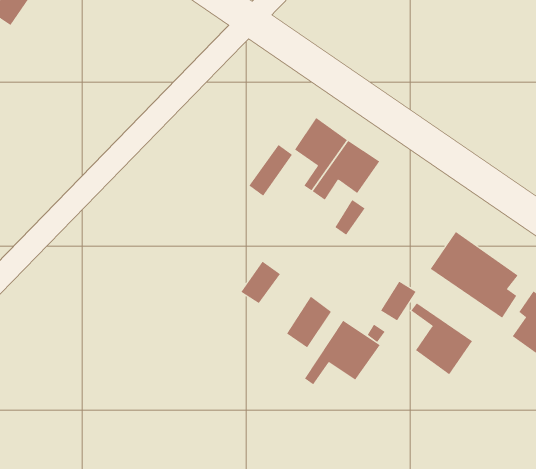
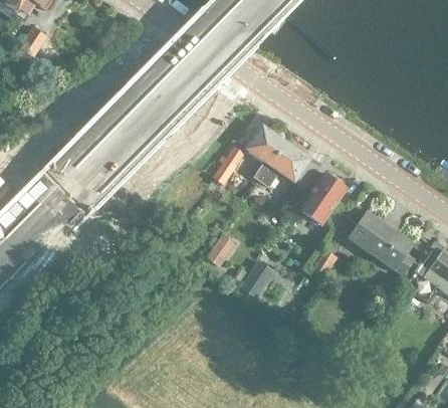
building: none -> [297,171,348,223]
building: [411,302,473,375] -> none
building: [304,320,381,385] -> none

